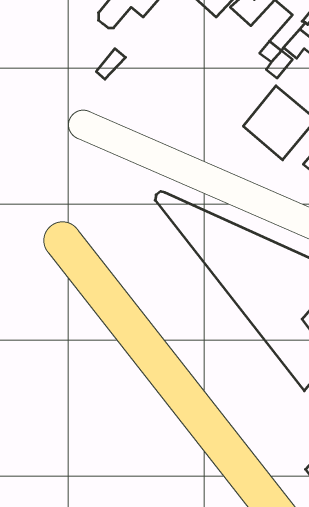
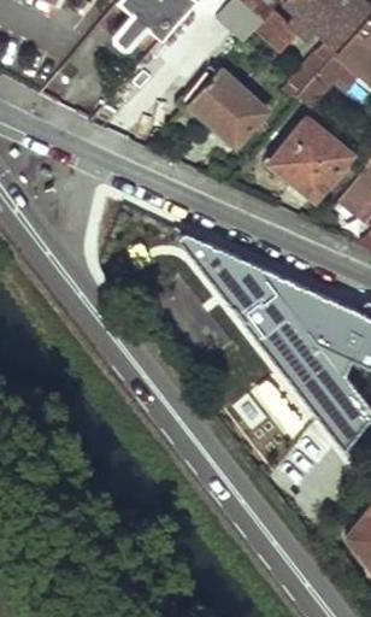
building: none -> [183,64,269,149]

